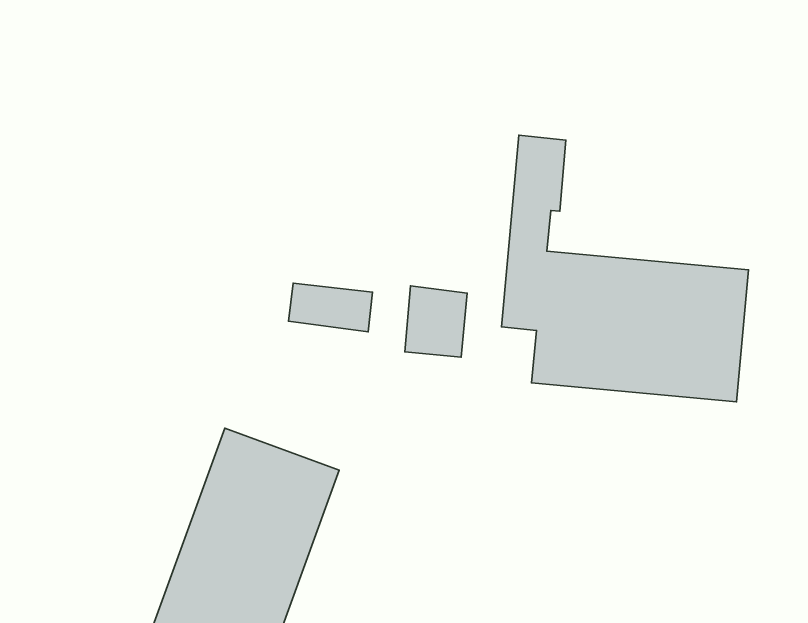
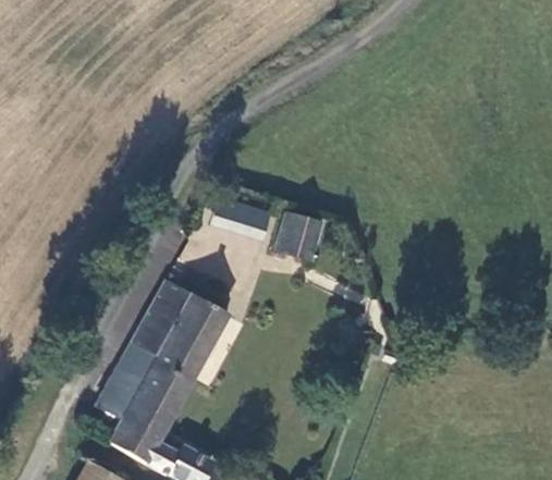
building: [502,135,748,402] -> none

